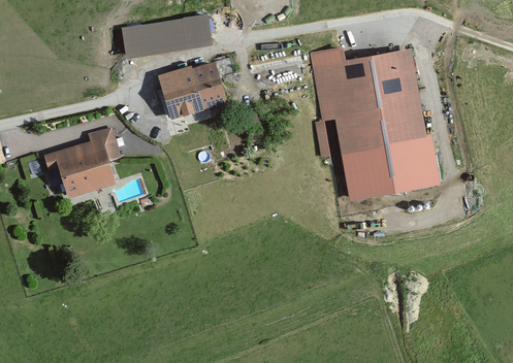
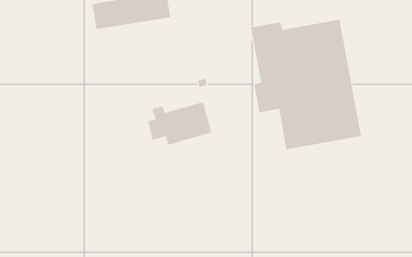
building: [149,64,226,117] -> [147,101,212,146]
building: [39,125,121,196] -> none

